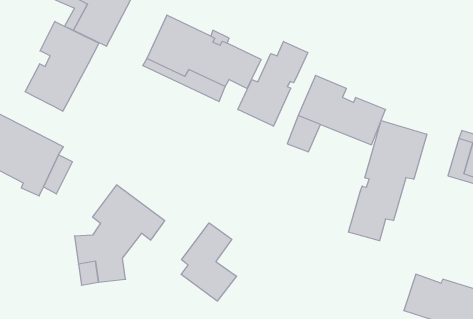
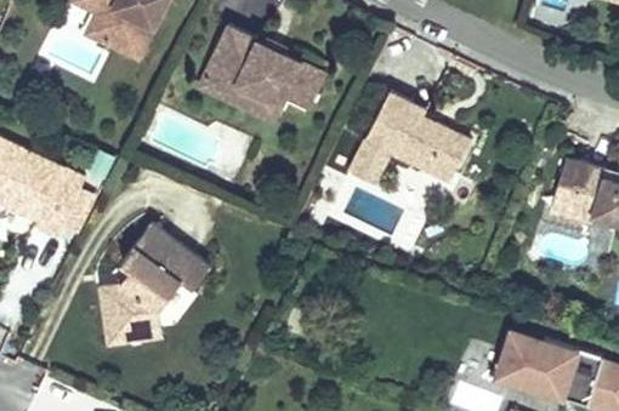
building: [25,21,99,111] -> none
building: [238,41,308,126] -> none
building: [349,121,427,241] -> none
building: [181,223,237,301] -> none

